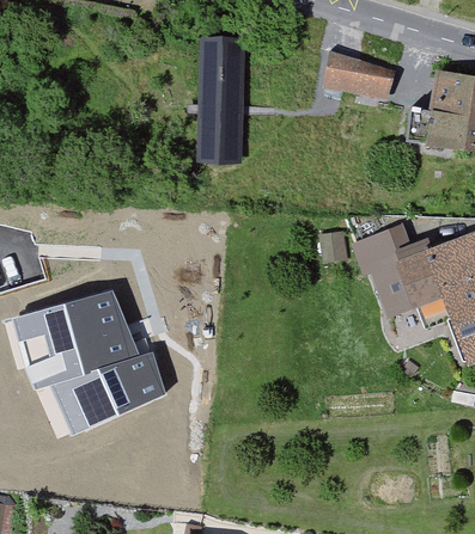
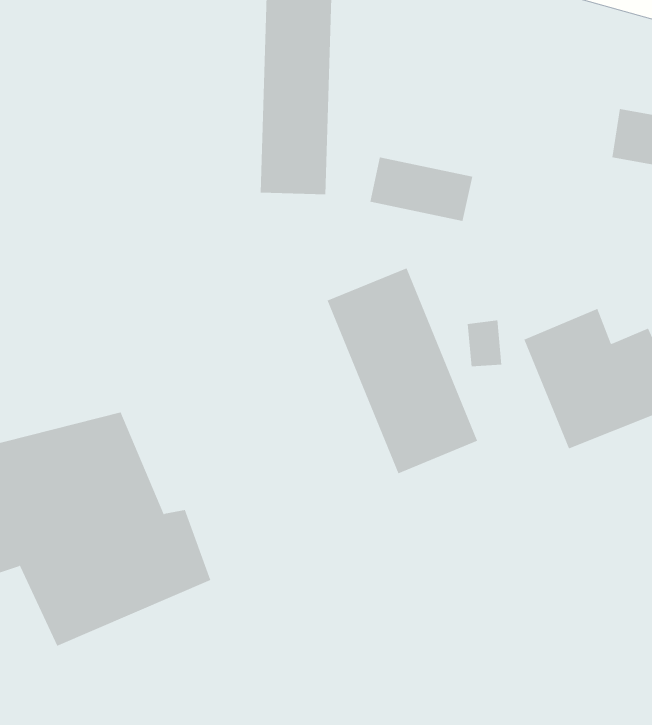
building: [328,57,391,97] -> [370,157,473,221]
building: none -> [327,267,478,474]

